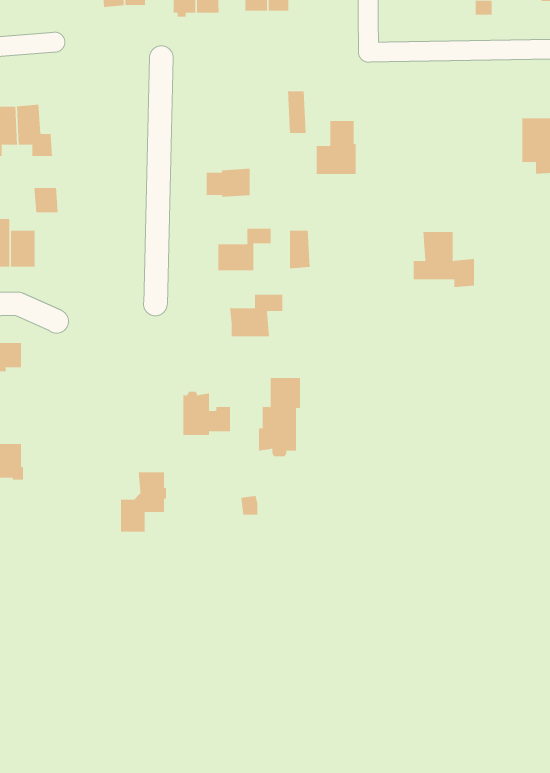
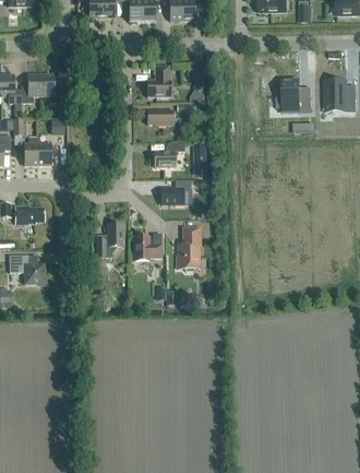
building: [316,120,356,175] -> [147,66,170,96]
building: [413,231,475,288] -> [276,80,311,111]
building: [120,472,167,532] -> [97,223,123,257]

